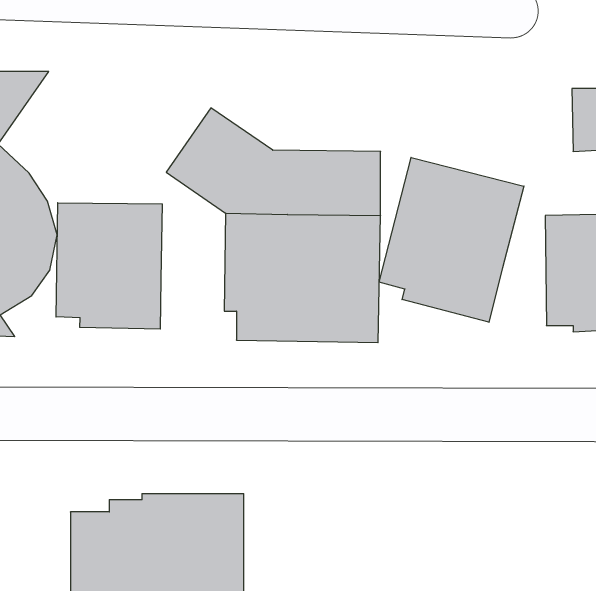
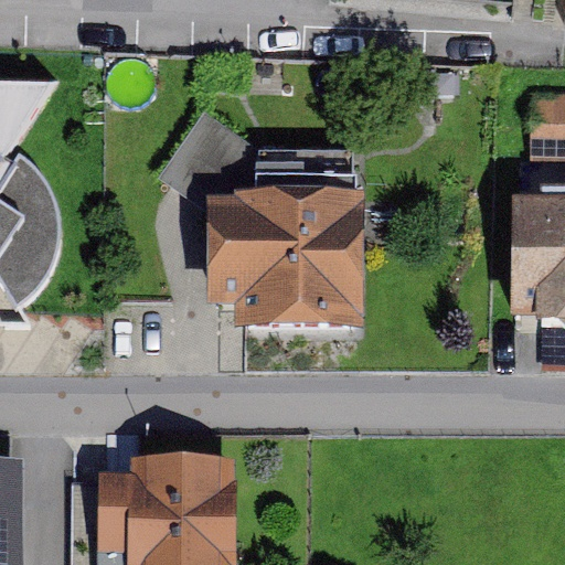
building: [379,157,524,322] -> none
building: [56,203,162,329] -> none

